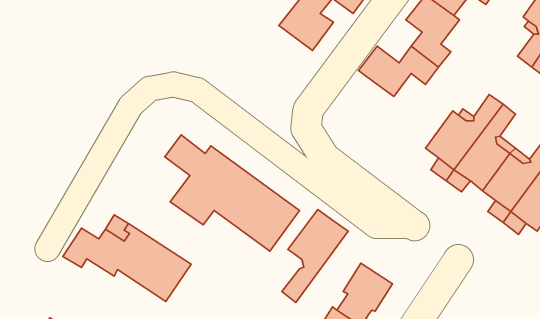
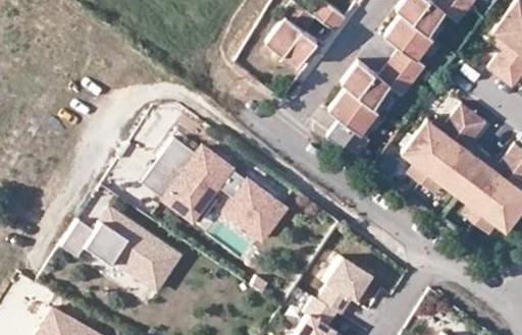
building: none -> [327,82,378,151]
building: none -> [143,159,184,201]
building: [282,209,348,303] -> none

